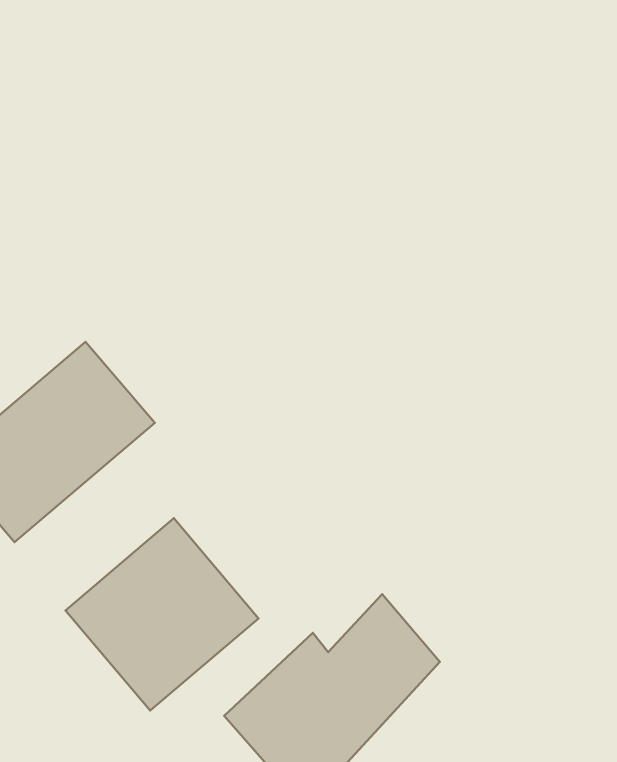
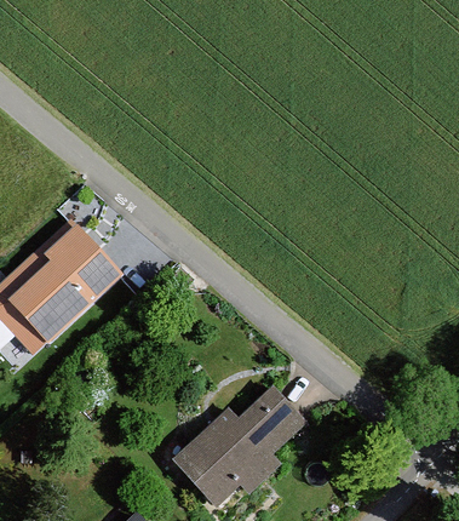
building: [65,518,258,711] -> none

